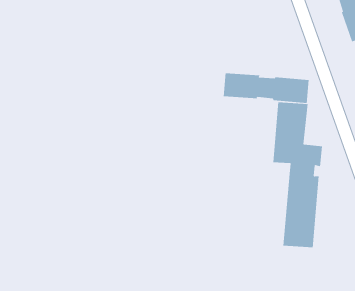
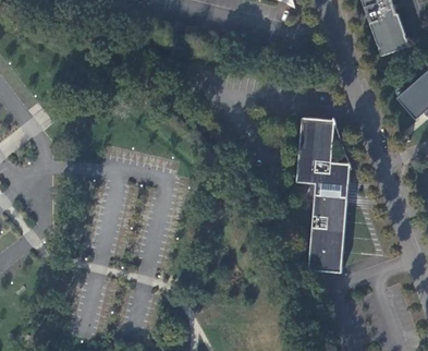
building: [223,72,309,104] -> none

